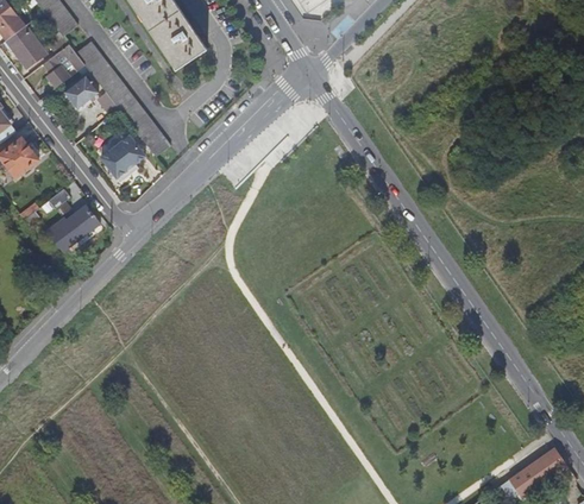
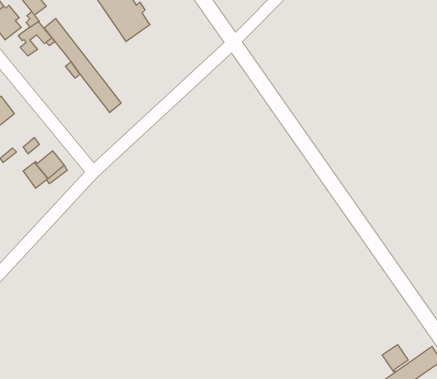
building: [63,75,96,108] -> none
building: [99,134,144,177] -> none
building: none -> [382,345,408,373]

